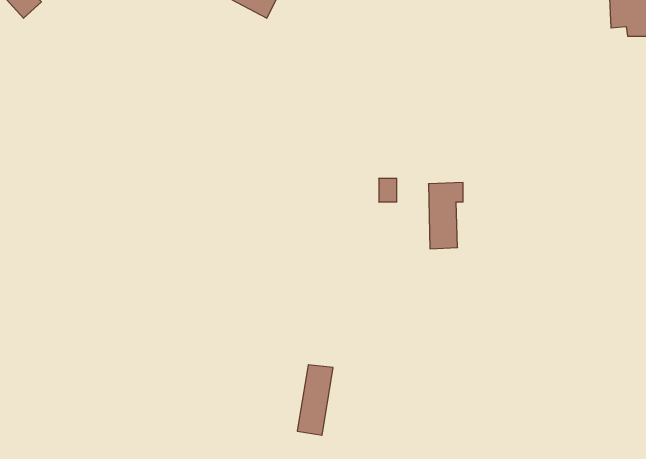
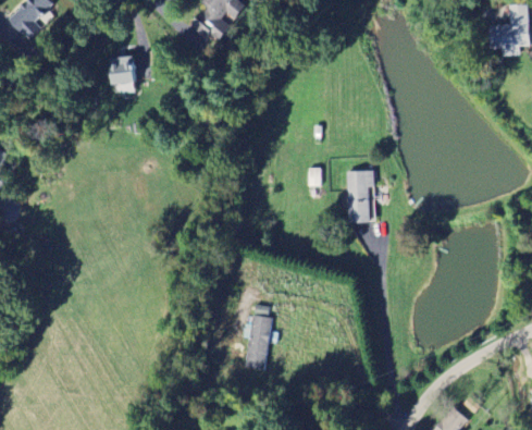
building: none -> [108,57,136,84]

